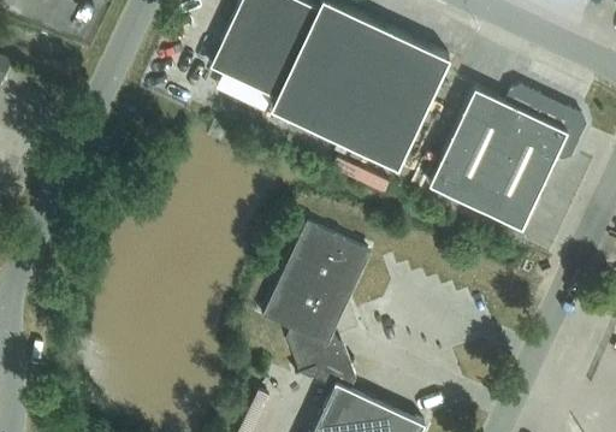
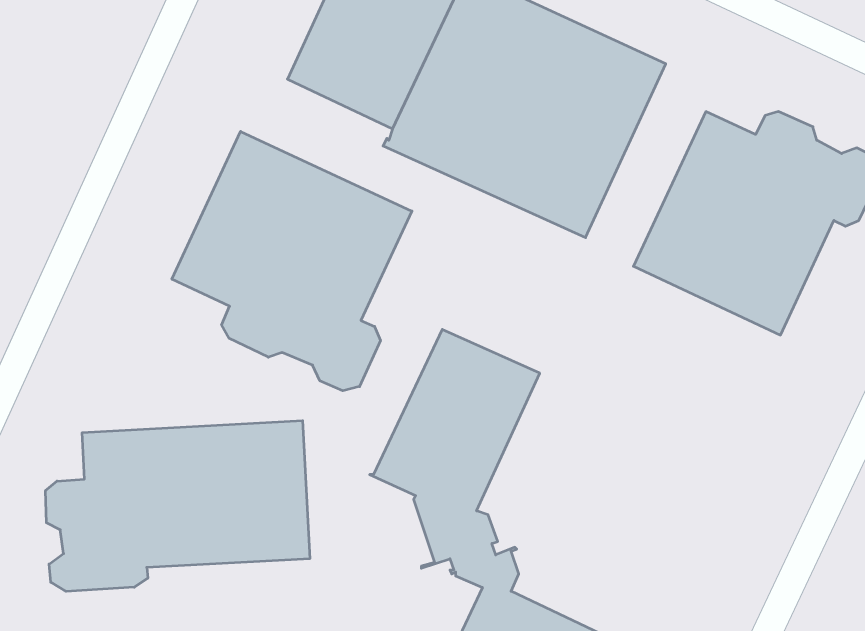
building: none -> [172,131,412,391]
building: none -> [46,421,310,591]

